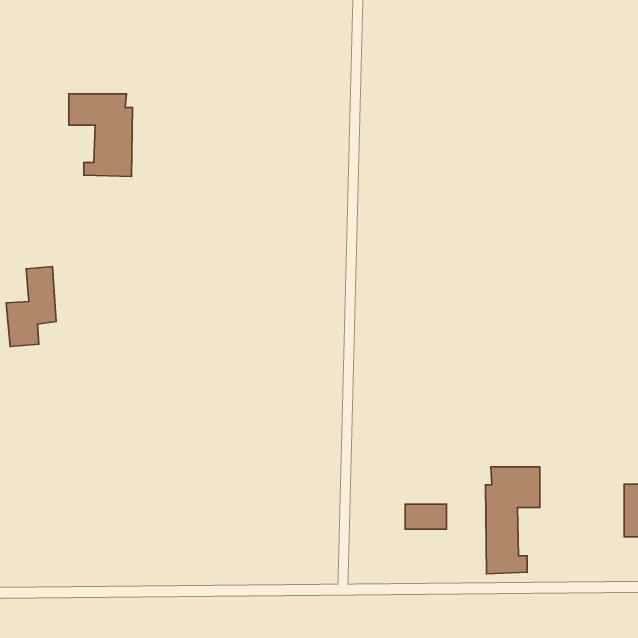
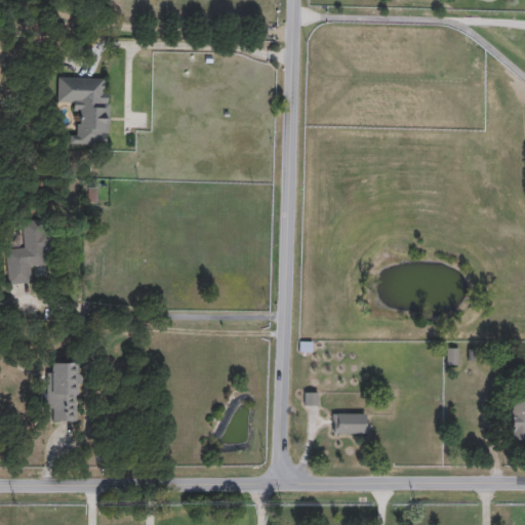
building: none -> [47,362,80,421]
building: [485,467,540,574] -> none

